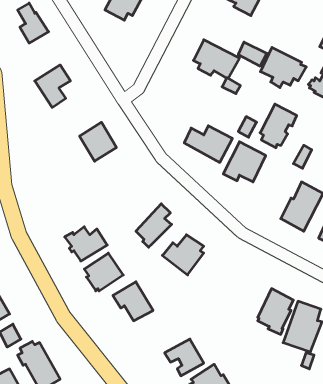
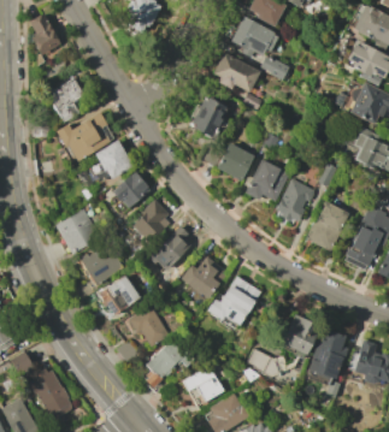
building: [260,47,306,88] -> [231,16,279,58]
building: none -> [189,95,228,137]
building: none -> [55,112,114,160]
building: [260,104,297,148] -> [276,178,314,224]
building: none -> [111,171,149,208]
building: none -> [132,201,167,242]
building: none -> [57,208,101,253]
building: none -> [207,276,261,325]
building: none -> [146,337,195,389]
building: none -> [247,348,288,377]

